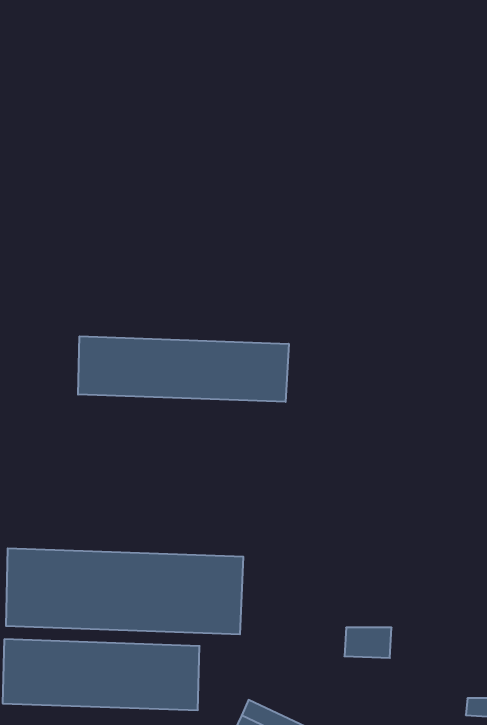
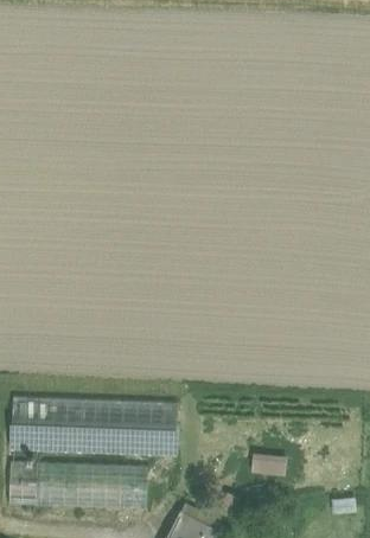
building: [78,336,289,402] -> none

